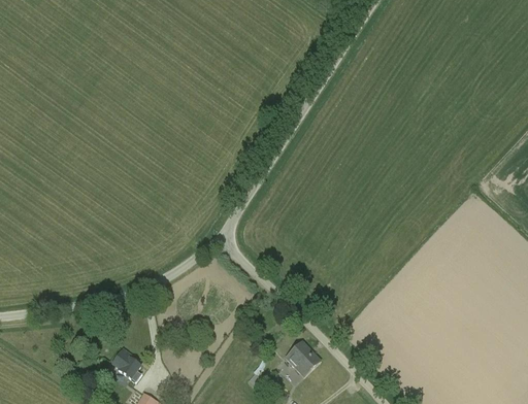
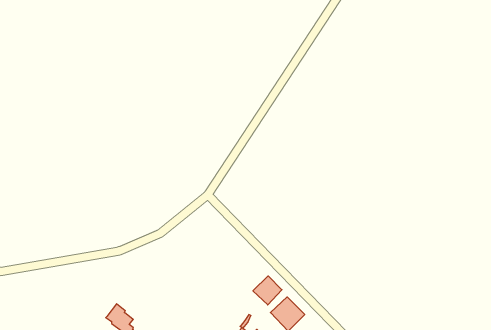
building: none -> [253,276,282,305]

